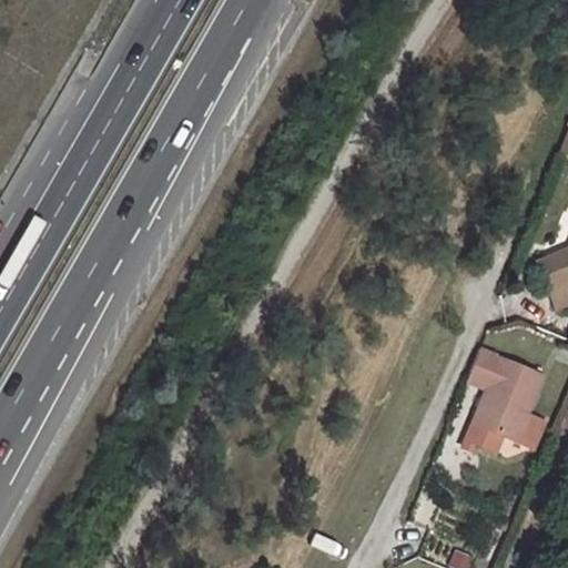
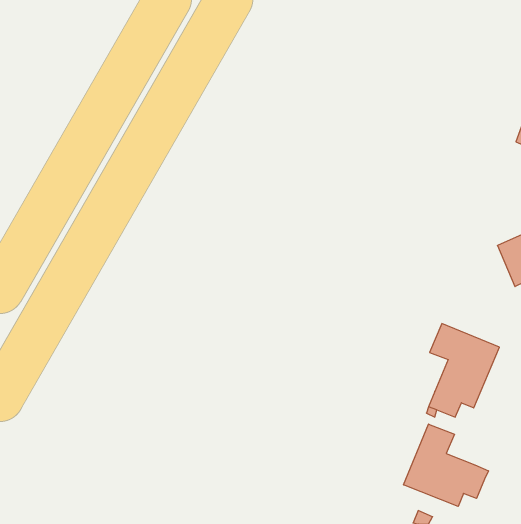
building: none -> [404,424,488,506]

